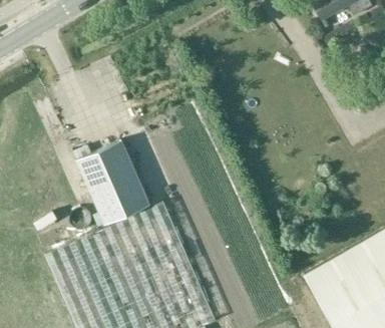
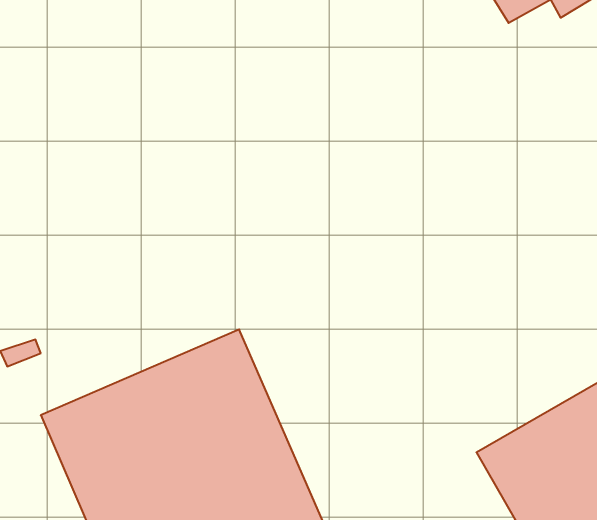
building: [77,139,149,224] -> none

